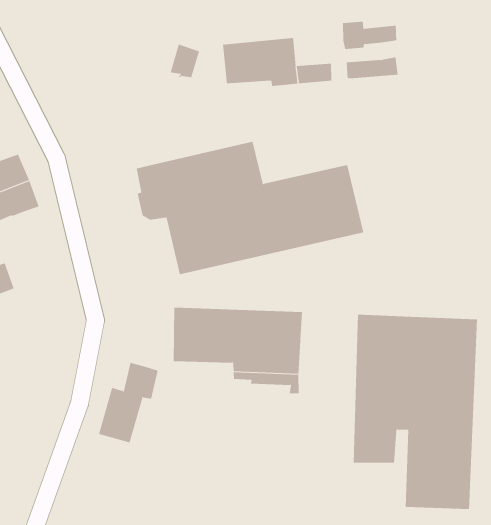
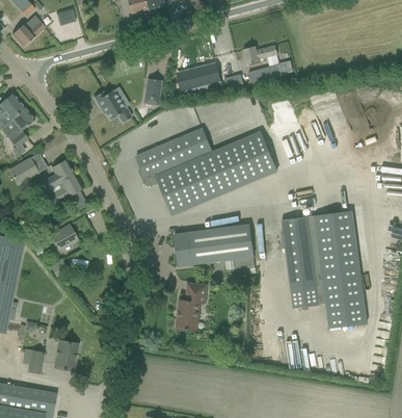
building: none -> [93,89,132,122]
building: [98,362,158,443] -> [177,283,206,331]

